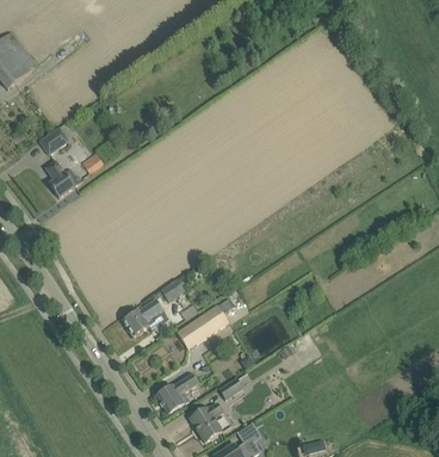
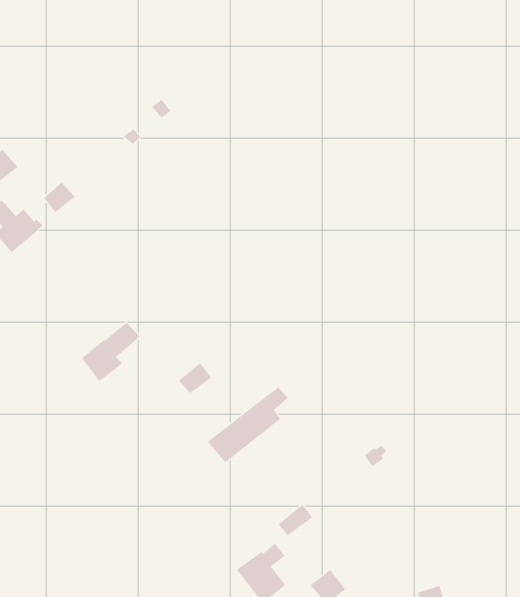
building: [122,298,162,336] -> [81,322,141,382]
building: [156,373,197,414] -> none

